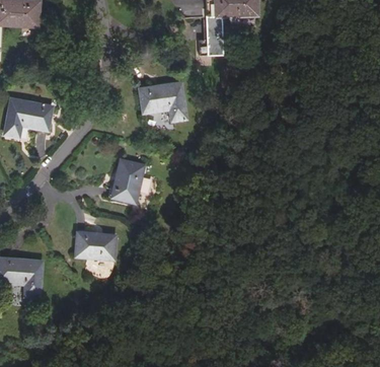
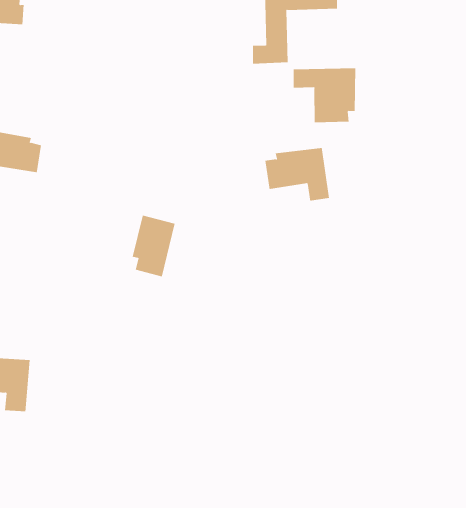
building: none -> [293,67,356,123]
building: [141,83,186,121] -> [265,147,330,201]
building: [76,232,117,259] -> none

